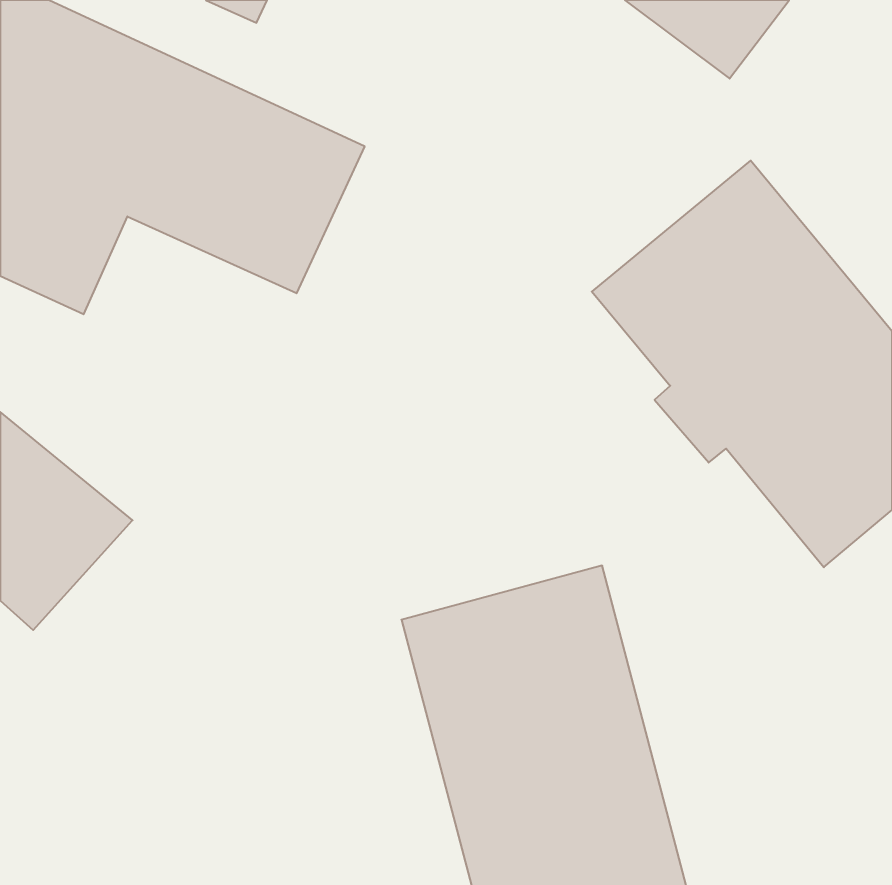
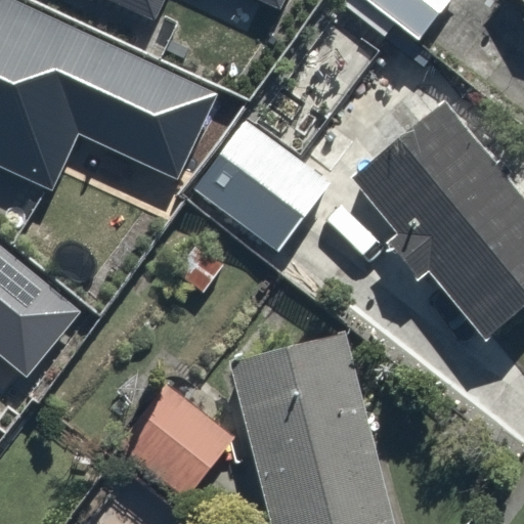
building: none -> [204,128,324,250]
building: none -> [123,382,251,506]

